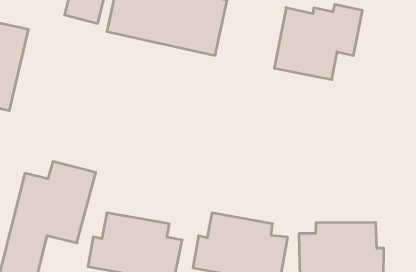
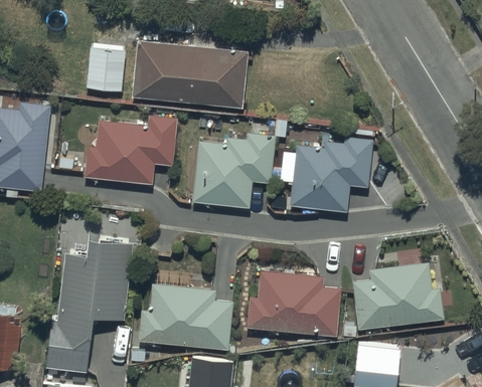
building: [274,4,362,80] -> [290,137,373,214]
building: none -> [84,116,177,185]
building: none -> [190,136,276,210]

